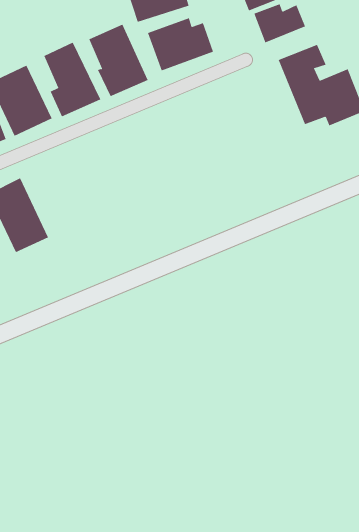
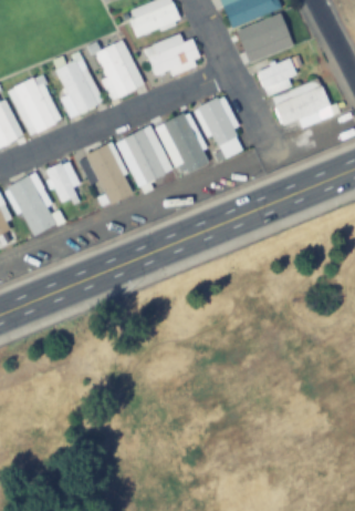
building: none -> [196,95,246,160]
building: none -> [116,110,211,188]
building: none -> [77,144,132,207]
building: none -> [51,162,80,205]

